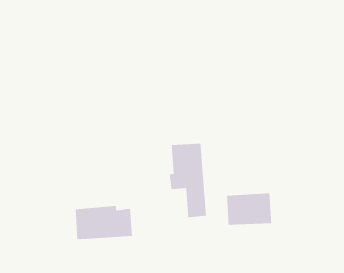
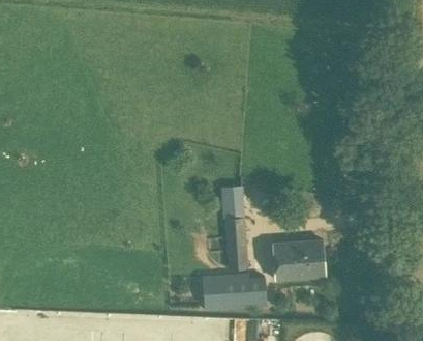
building: [75,205,133,240] -> [202,273,267,312]

